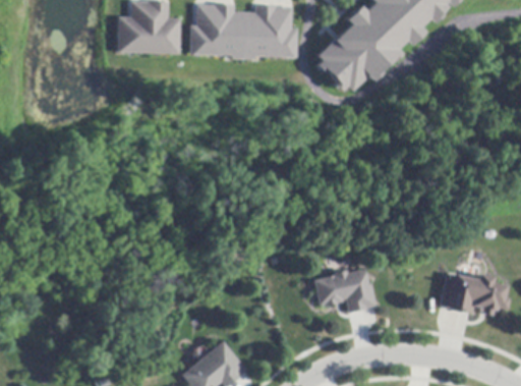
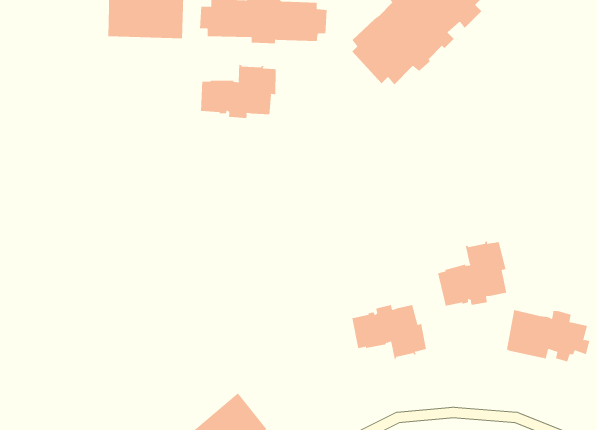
building: none -> [201,64,276,119]
building: none -> [438,240,507,307]

